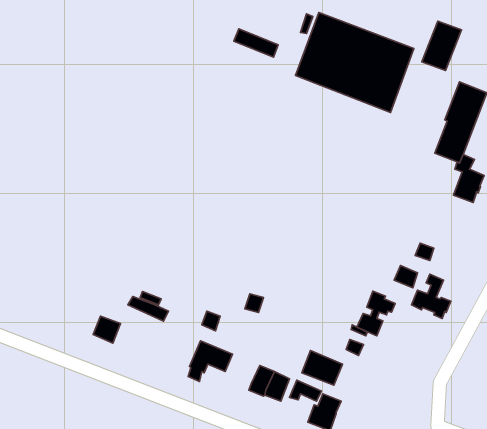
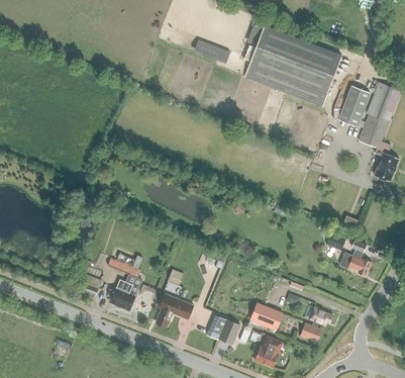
building: [422,21,461,70] -> [338,85,371,125]
building: [357,291,395,336] -> [301,304,332,341]
building: none -> [109,278,134,309]

